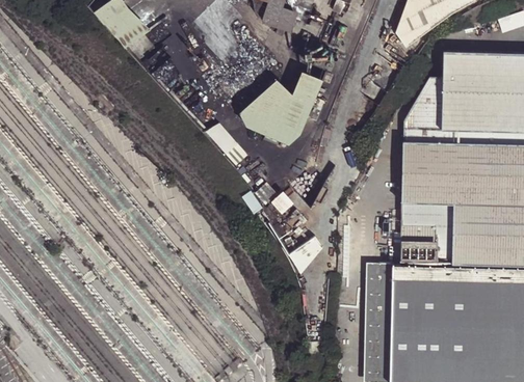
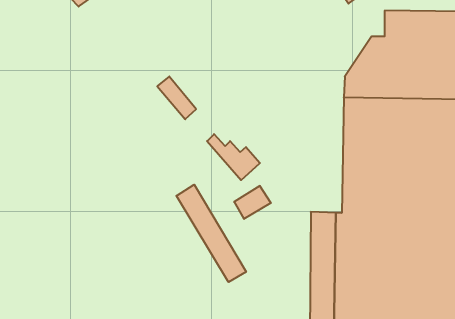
building: [241,72,322,143] -> none
building: none -> [176,185,246,282]

